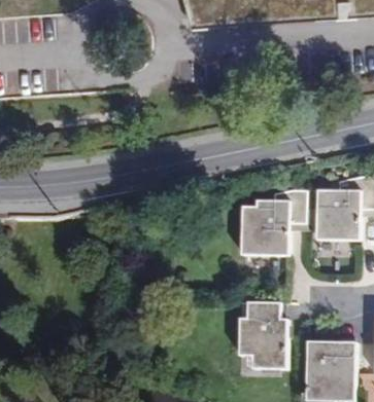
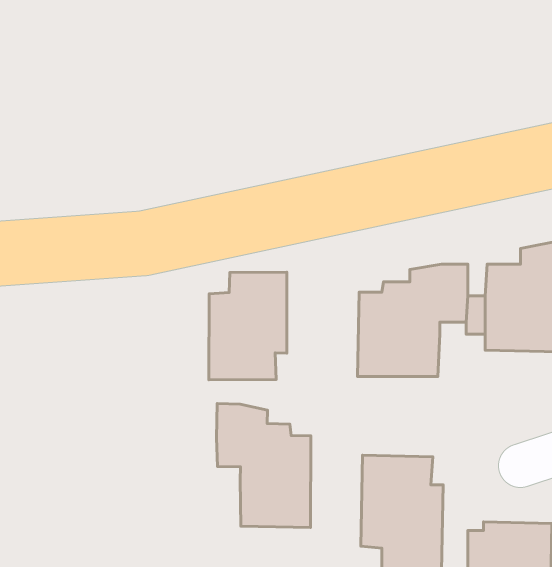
building: none -> [209,272,287,380]
building: none -> [217,404,311,527]

